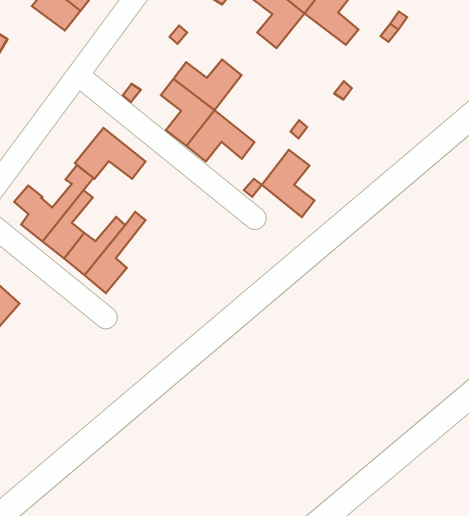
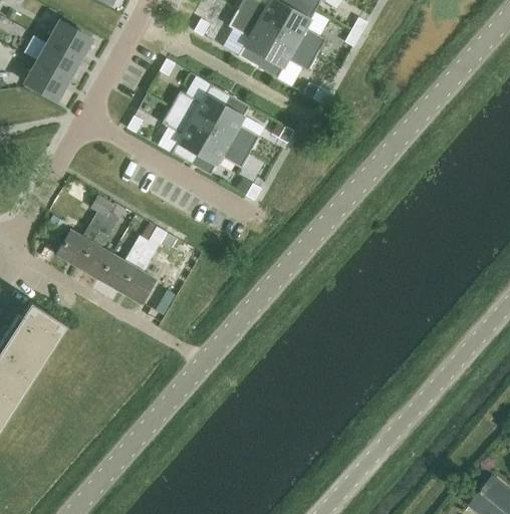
building: none -> [26,62,69,100]
building: none -> [257,33,317,78]
building: [75,128,145,179] -> none
building: [262,150,315,217] -> [211,95,259,153]

